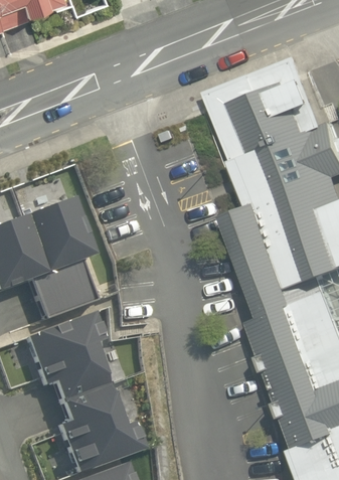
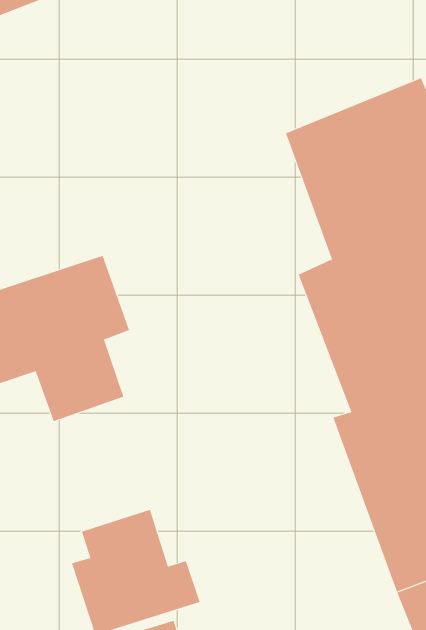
building: [19,314,112,403] -> none

